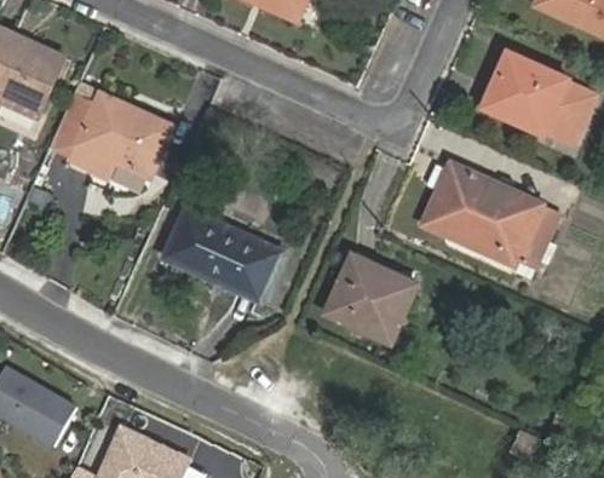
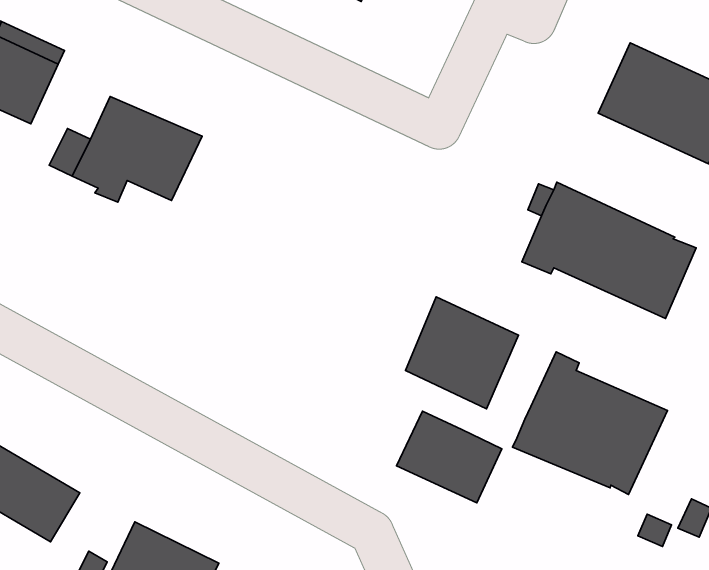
building: [162,209,280,300] -> none
building: none -> [512,352,667,495]
building: none -> [396,411,502,503]

